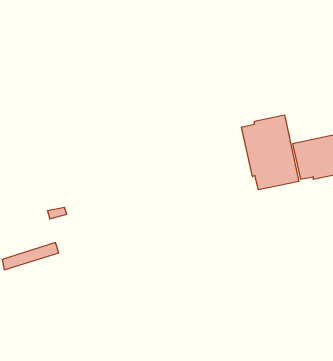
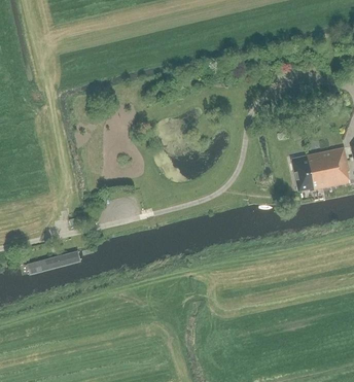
building: [242,115,299,190] -> none

